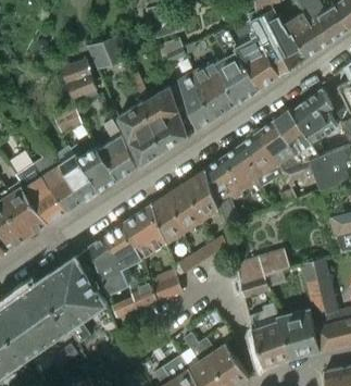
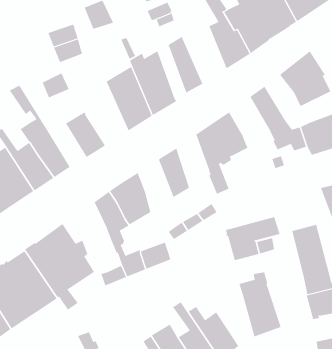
building: [192,60,236,120] -> none
building: [274,110,317,164] -> none
building: [98,124,136,180] -> none
building: [239,133,283,188] -> none
building: [54,147,98,201] -> none
building: [187,170,220,222] -> none
building: [149,194,184,246] -> none
building: [88,236,127,295] -> none
building: [276,308,321,359] -> none

